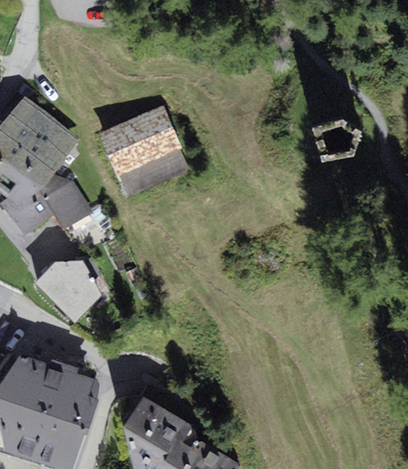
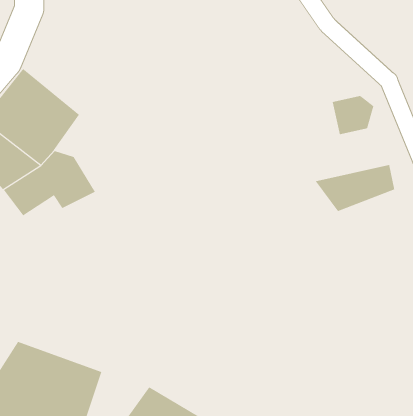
building: [98,106,190,198] -> none
building: none -> [315,164,395,212]
building: [36,261,101,324] -> none

